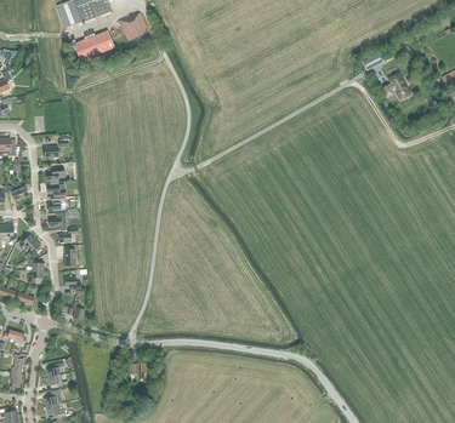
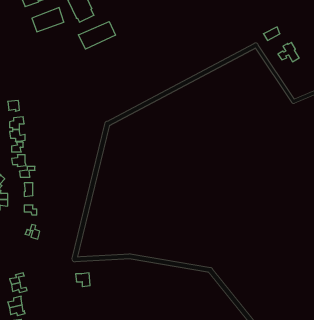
building: none -> [78,22,115,49]

